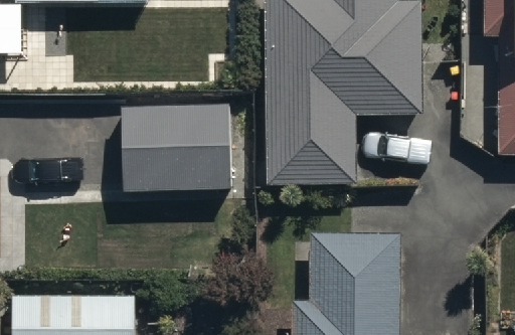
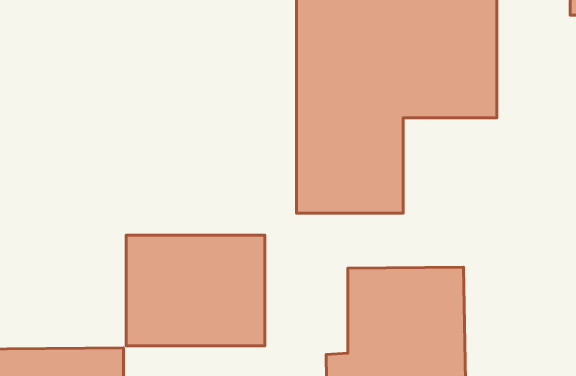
building: [121,100,229,186] -> [126,235,265,346]

